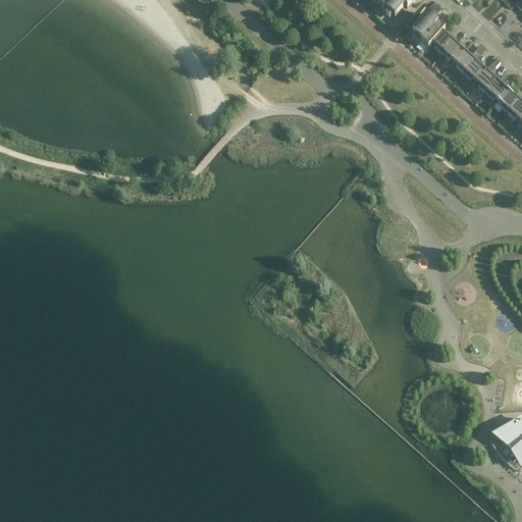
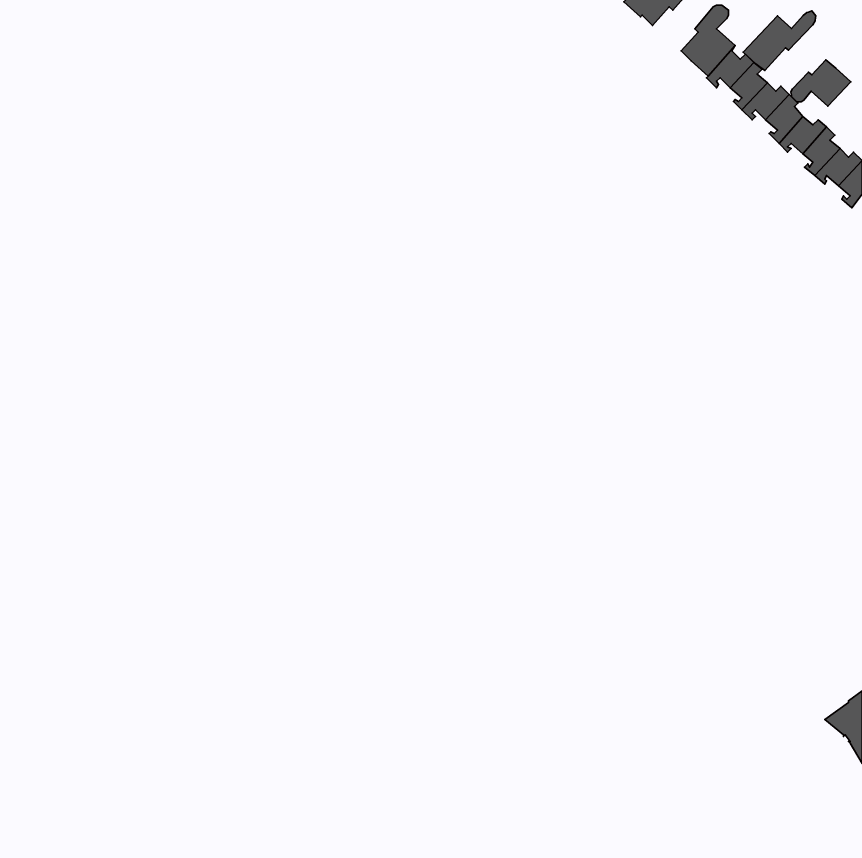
building: none -> [743,11,816,71]
building: none -> [791,60,851,106]

